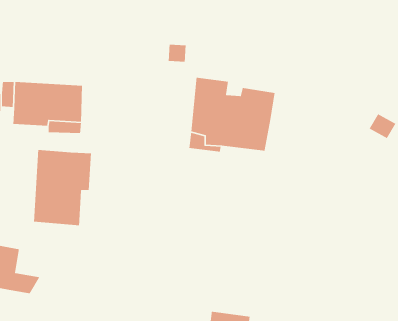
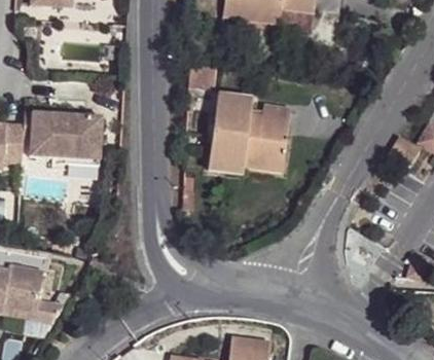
building: [33,149,92,226] -> none

